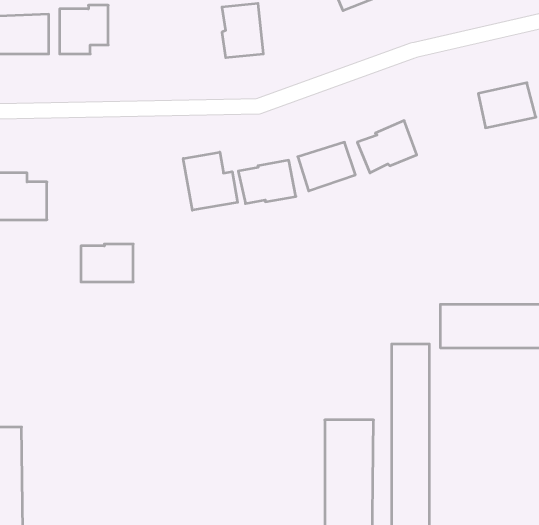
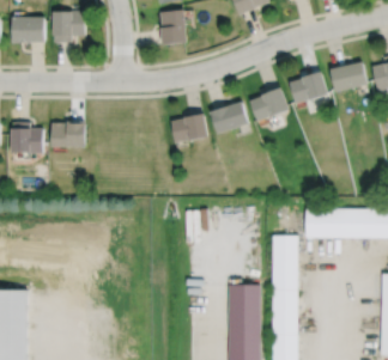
building: none -> [289,71,328,102]
building: [183,152,238,210] -> none
building: [81,244,133,282] -> [50,121,85,146]

